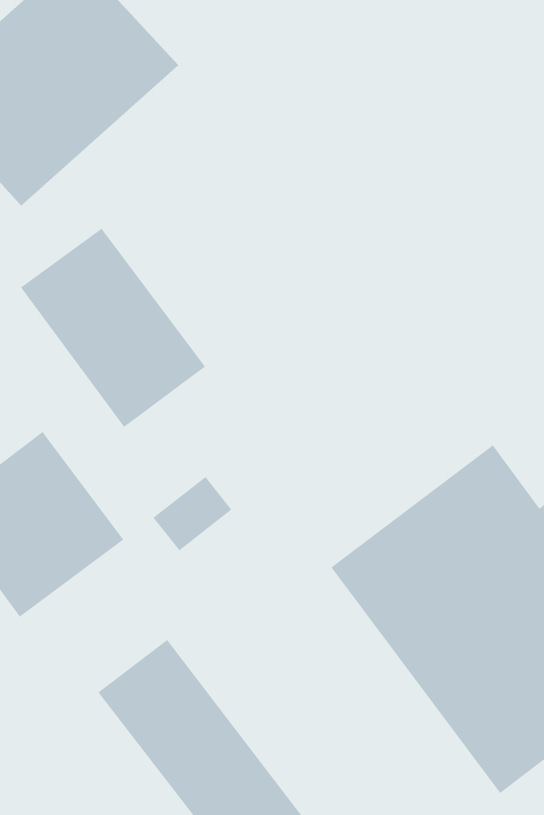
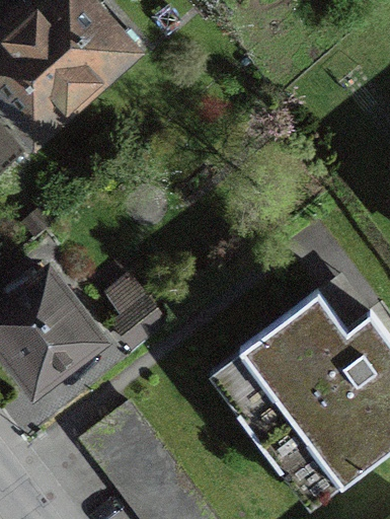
building: [20,228,206,428] -> none

